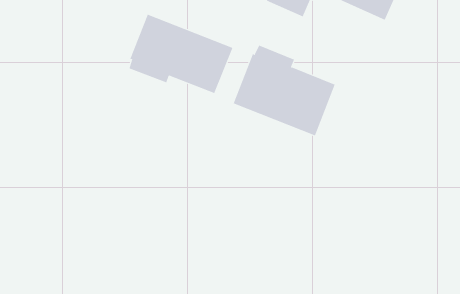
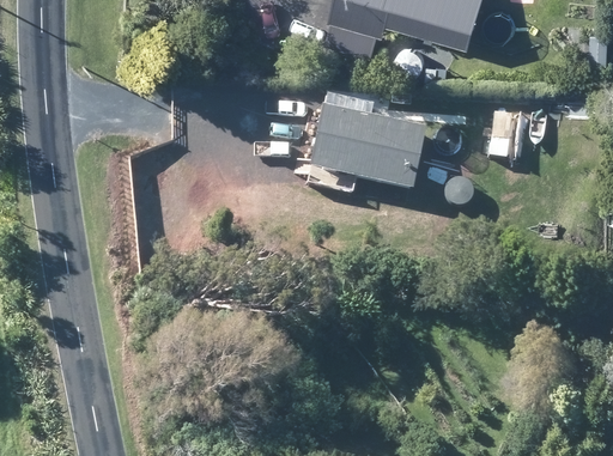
building: [129,14,233,94] -> none

